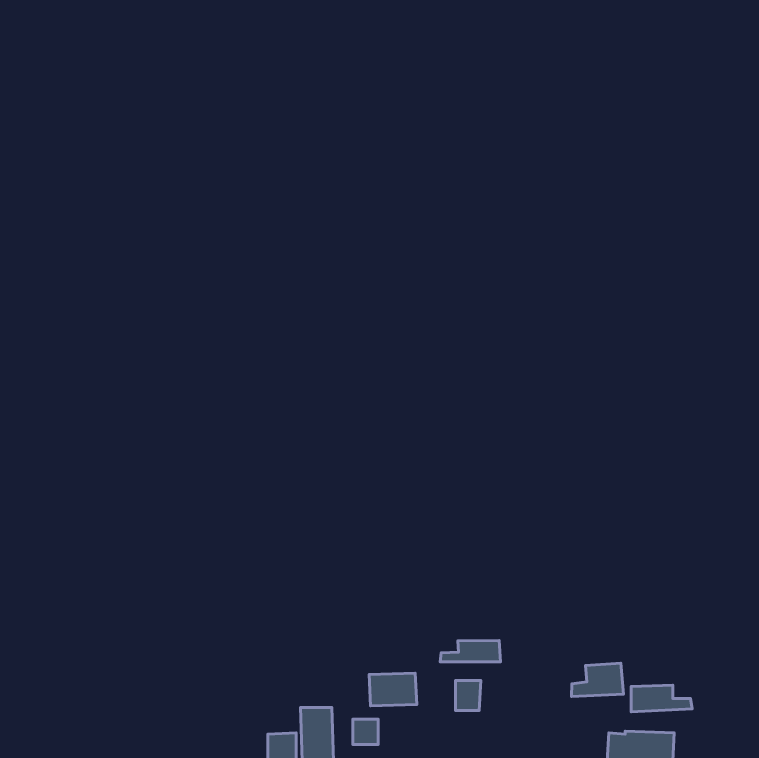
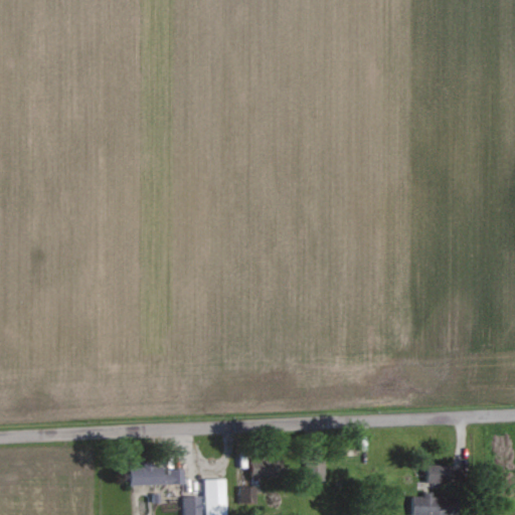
building: [440,640,500,662] -> none
building: [572,663,624,697] -> none
building: none -> [130,465,183,486]

